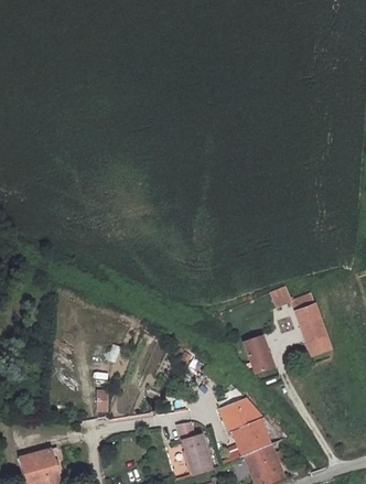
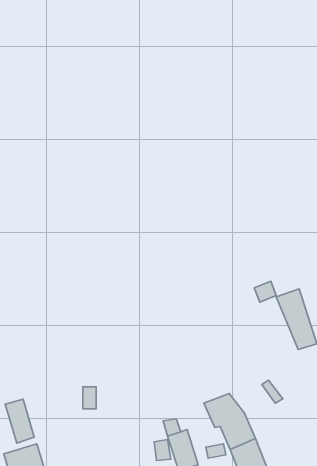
building: [240,337,276,375] -> none
building: none -> [5,399,34,443]

